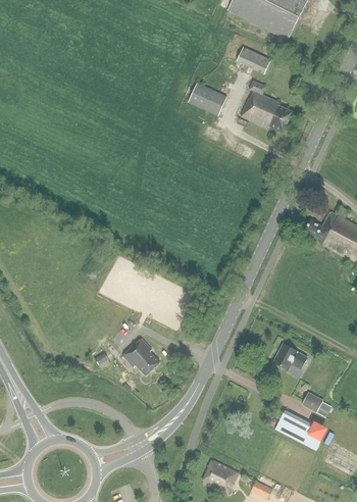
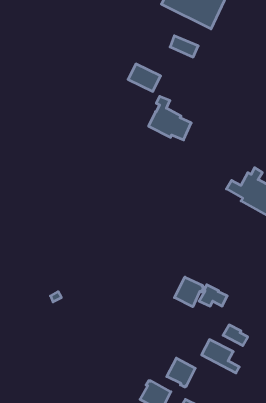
building: [241,80,292,132] -> [149,96,191,140]
building: none -> [174,277,204,307]
building: [122,338,159,374] -> none
building: none -> [167,358,195,387]

